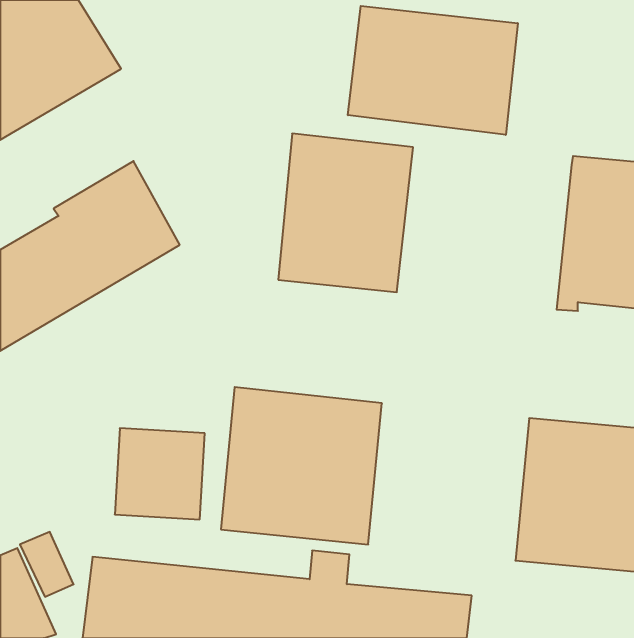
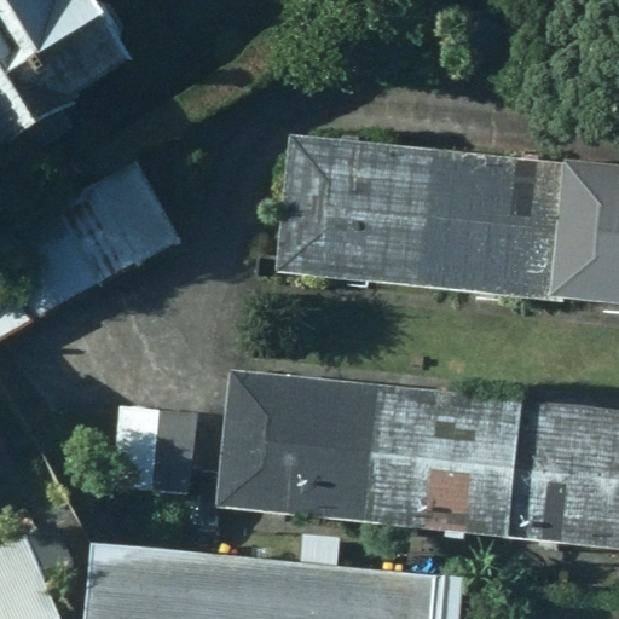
building: [348,6,518,135] -> none
building: none -> [388,143,557,300]
building: none -> [360,391,516,543]

